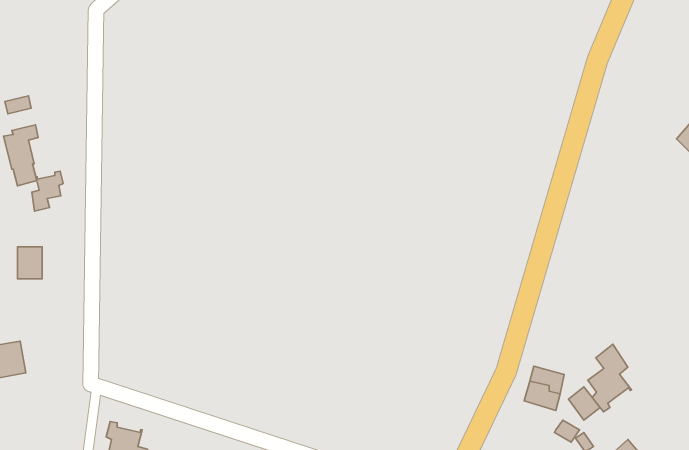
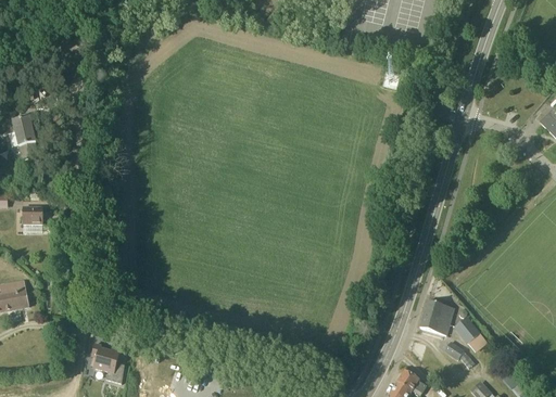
building: [32,171,63,211] -> none
building: [588,344,632,412] -> none

